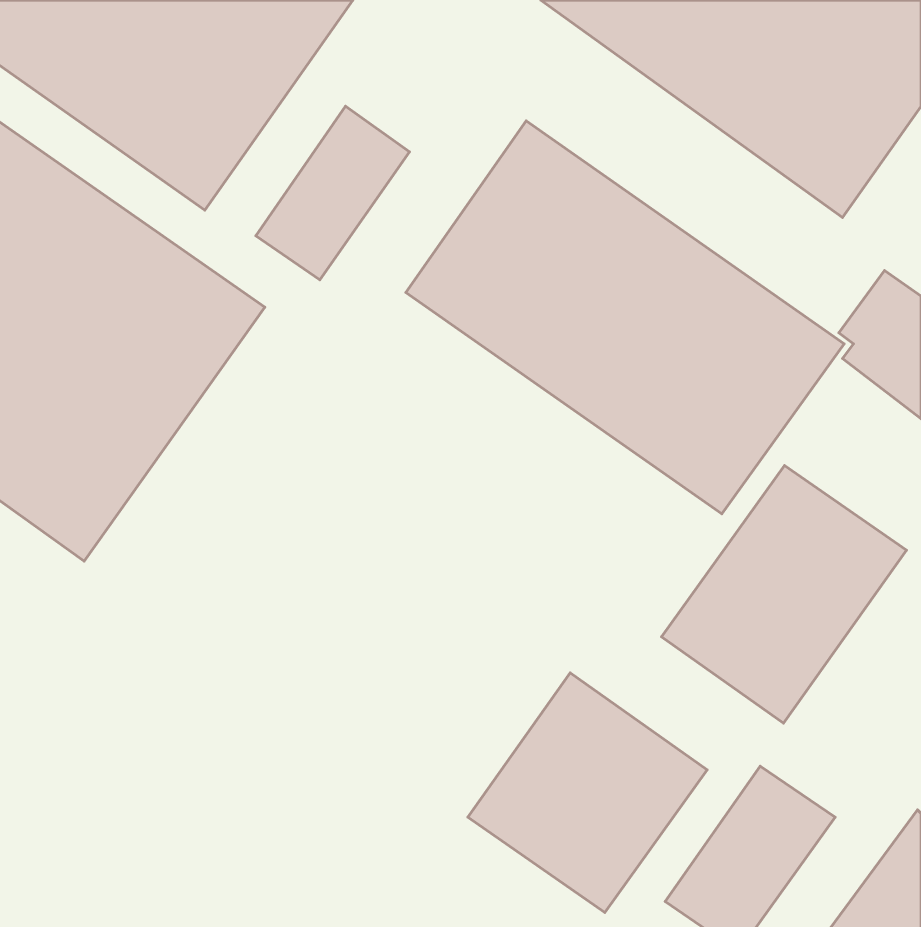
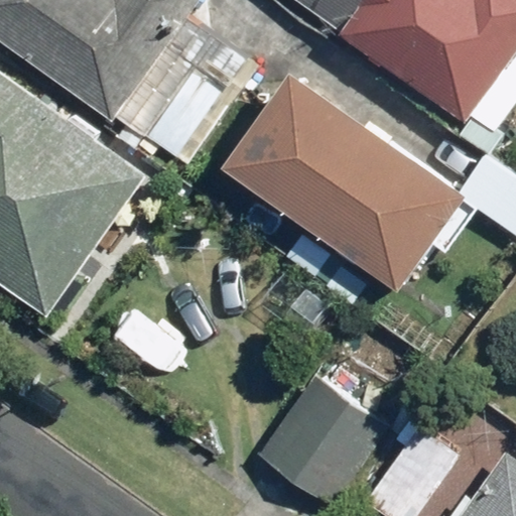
building: [661,465,906,723] -> none

